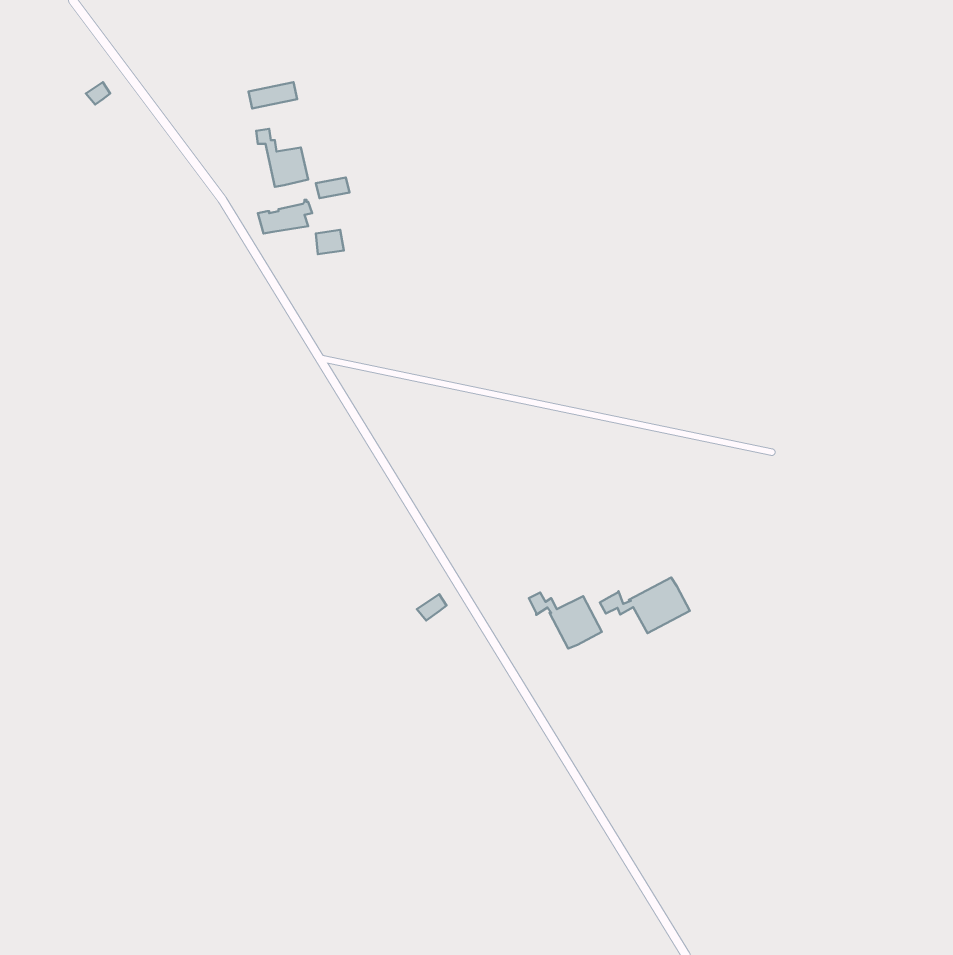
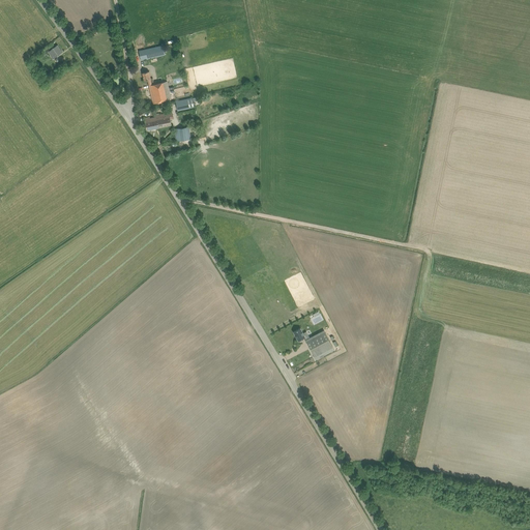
building: [600,578,690,633] -> none

